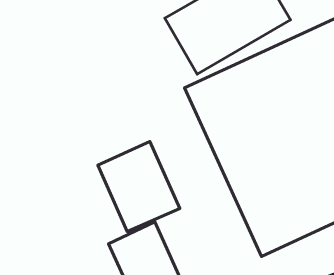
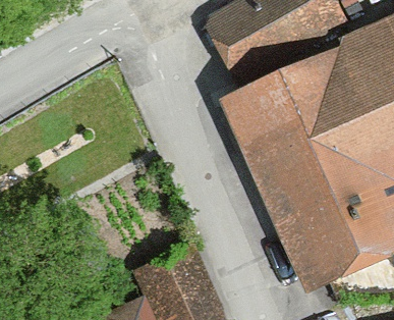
building: [98,142,180,231] -> none

